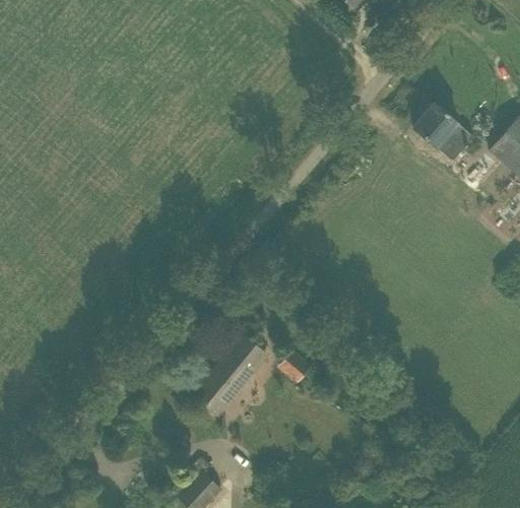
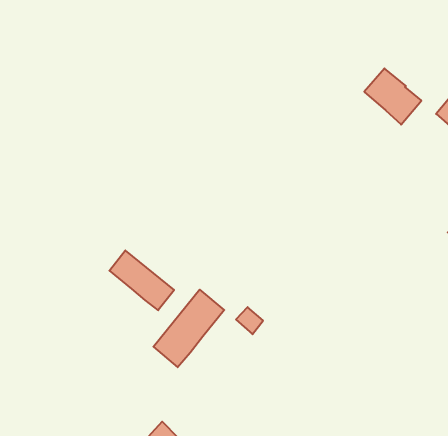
building: none -> [109,250,174,310]

